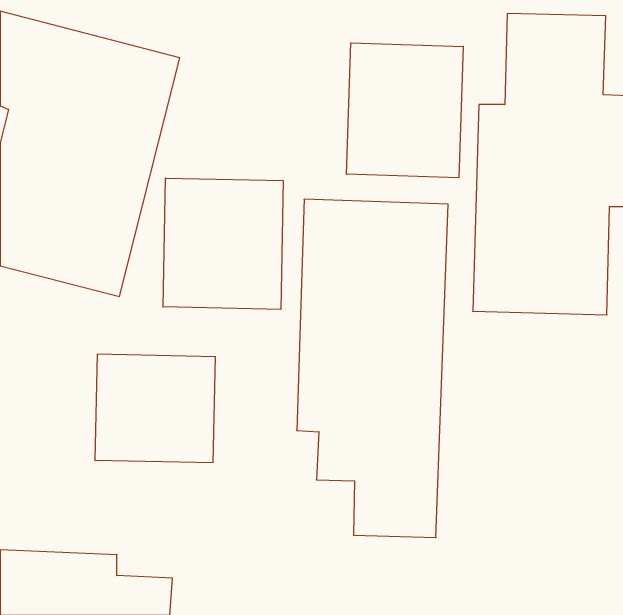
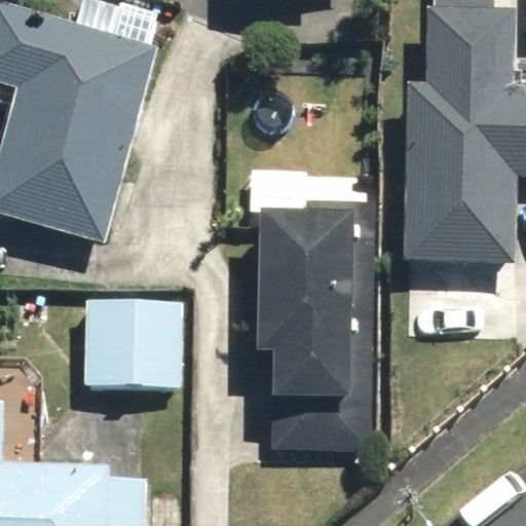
building: [346,43,463,178] -> none
building: [163,178,283,309] -> none

